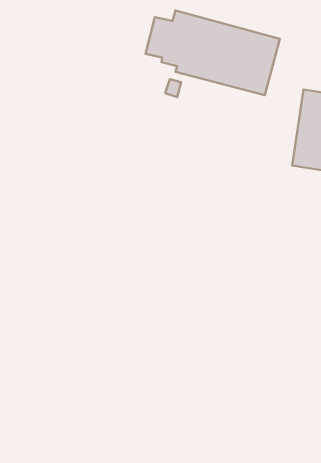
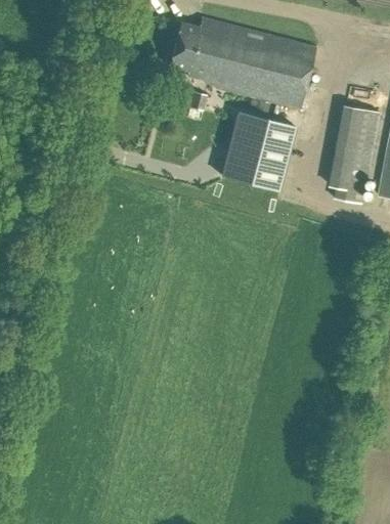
building: none -> [220,111,296,191]

